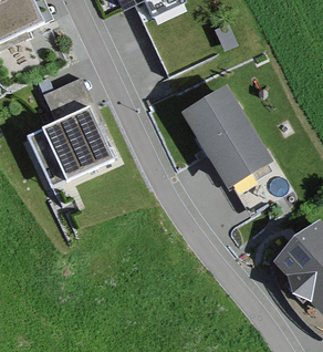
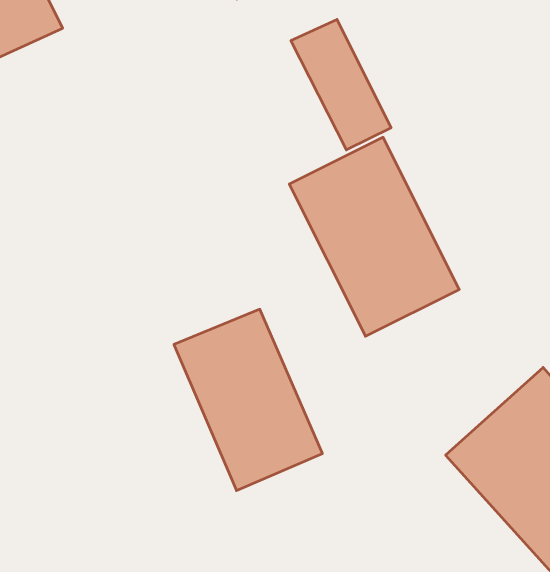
building: none -> [291,19,391,150]
building: [32,79,116,182] -> [174,309,322,491]

